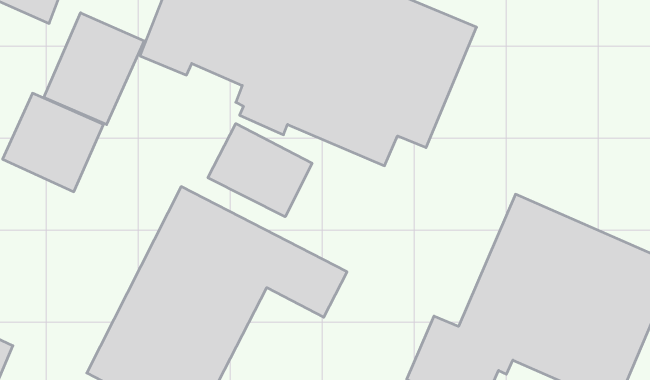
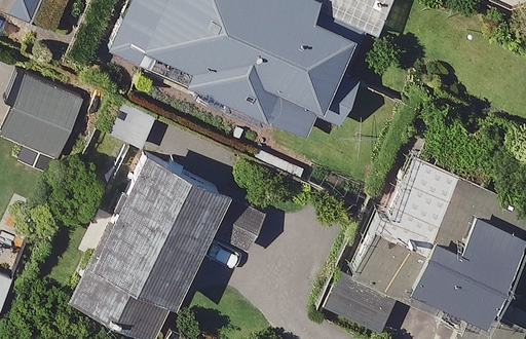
building: [44,13,144,125] -> none
building: [208,124,312,217] -> none

